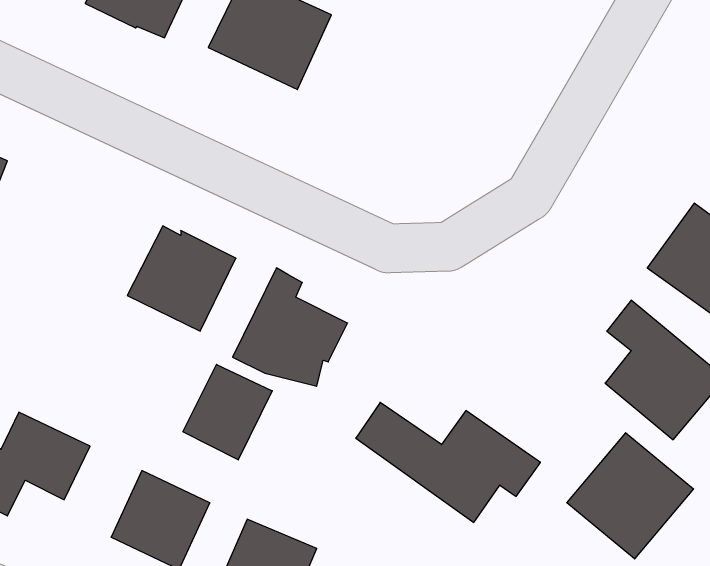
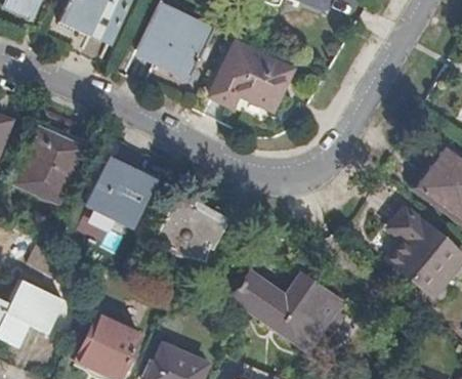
building: none -> [213,43,293,109]
building: none -> [16,127,87,203]
building: [183,364,272,460] -> none
building: [567,433,694,559] -> none

